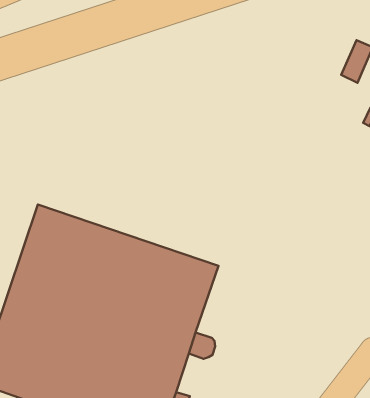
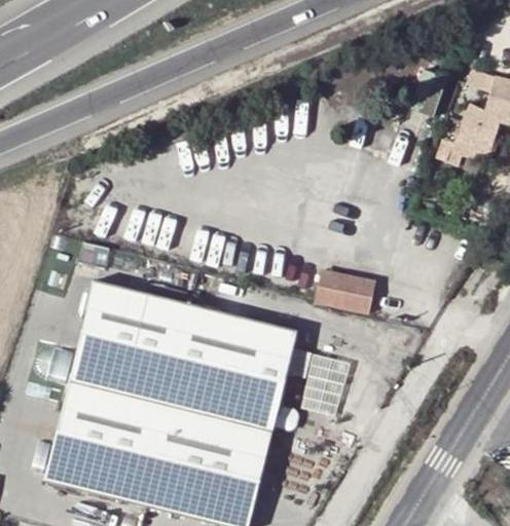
building: none -> [315,269,378,313]

